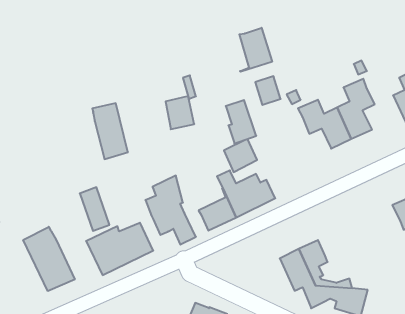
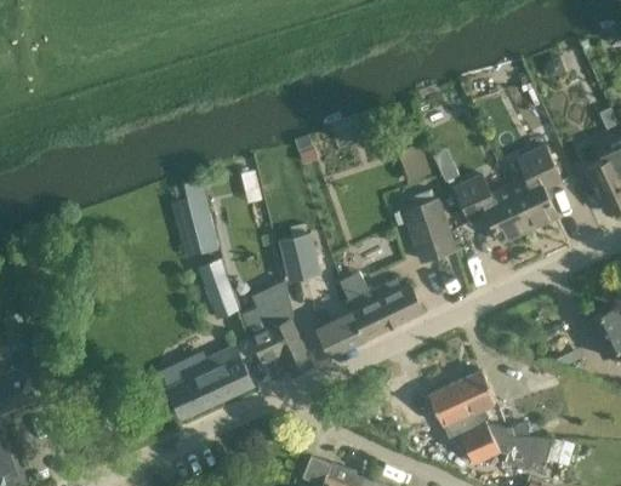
building: [239,28,272,72] -> none
building: [166,96,194,129] -> [283,235,323,281]
building: [226,100,256,144] -> [410,200,452,261]
building: [80,187,109,231] -> [196,258,238,319]
building: [23,227,75,291] -> none

